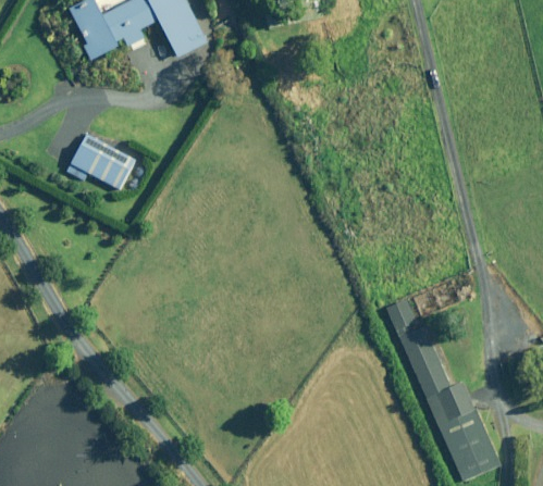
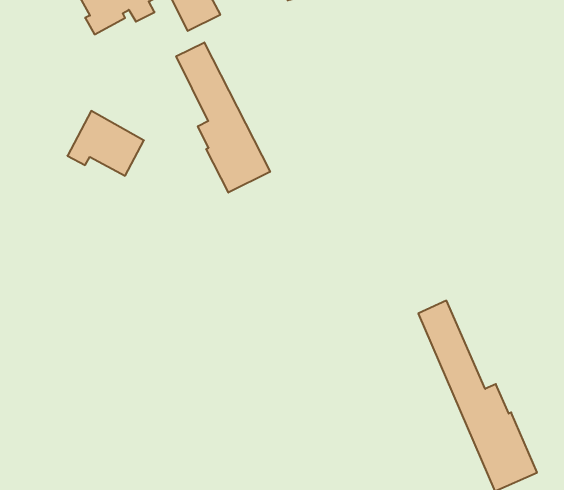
building: none -> [176,42,270,193]

